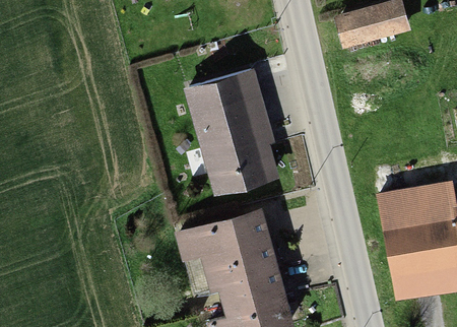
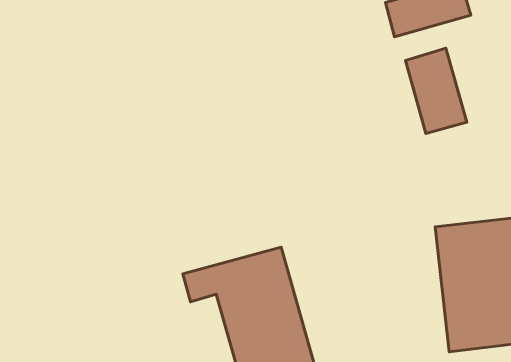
building: none -> [405,48,467,133]
building: [186,73,277,193] -> none

